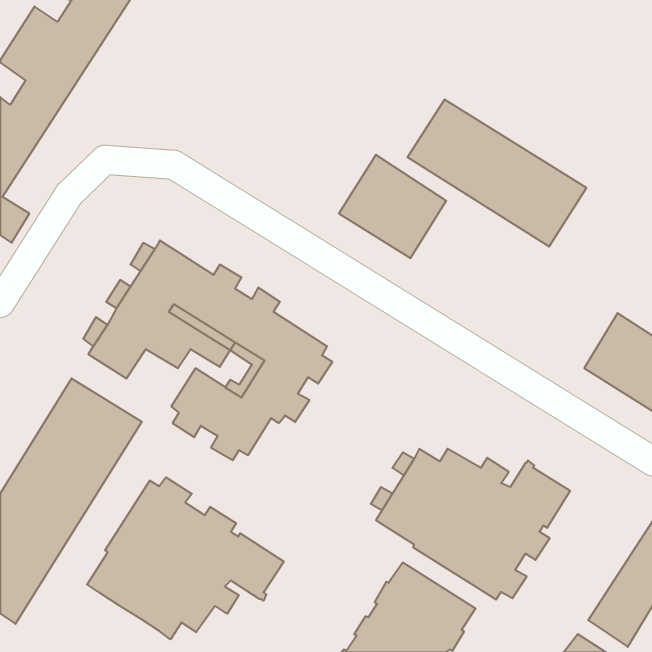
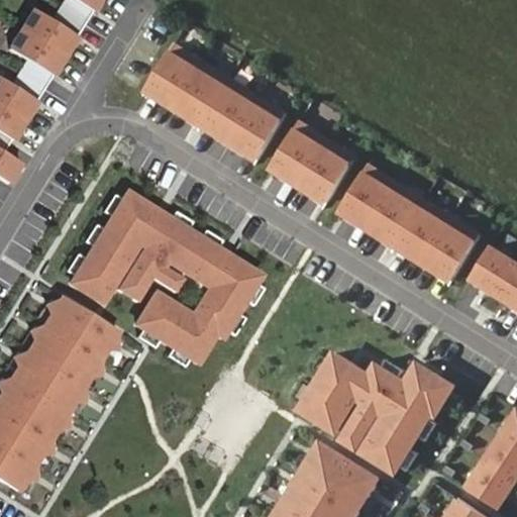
building: none -> [143,43,285,161]
building: [407,100,586,247] -> [337,167,479,283]
building: [87,477,284,639] -> none

